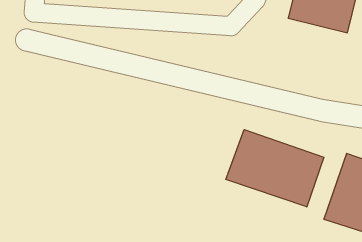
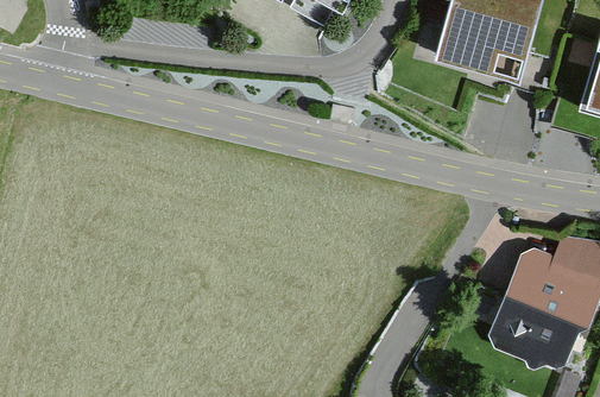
building: [226,130,324,207] -> none

